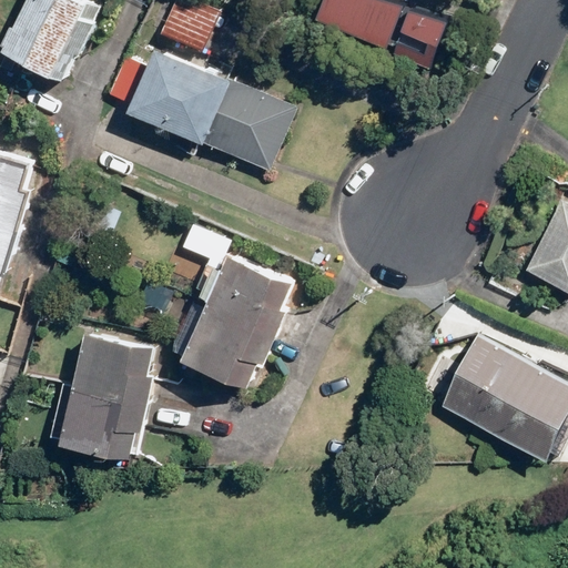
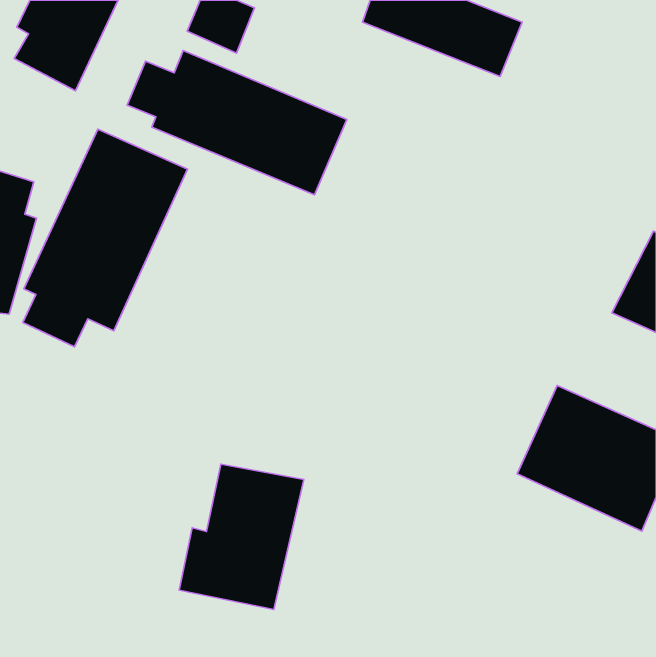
building: none -> [23,129,188,347]
building: [170,254,293,388] -> none
building: [50,333,156,457] -> [179,464,304,610]

